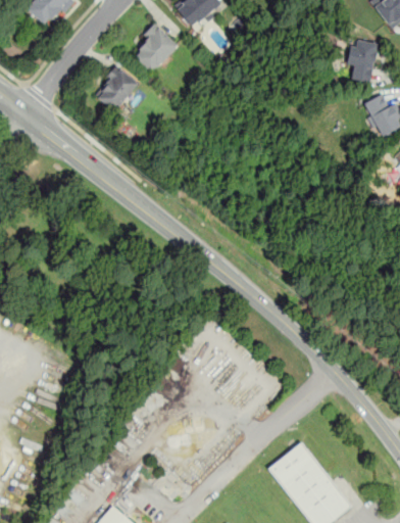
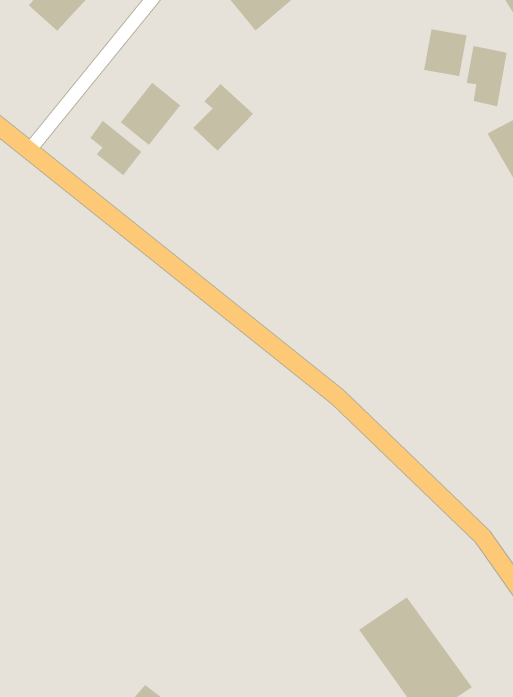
building: [134,22,179,73] -> [192,83,254,152]
building: none -> [424,29,467,77]
building: none -> [90,120,142,176]

